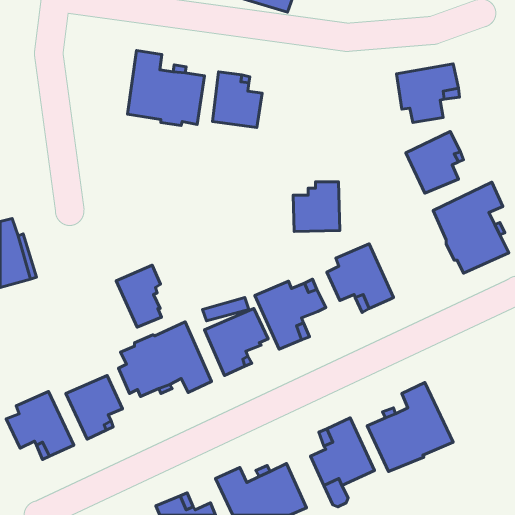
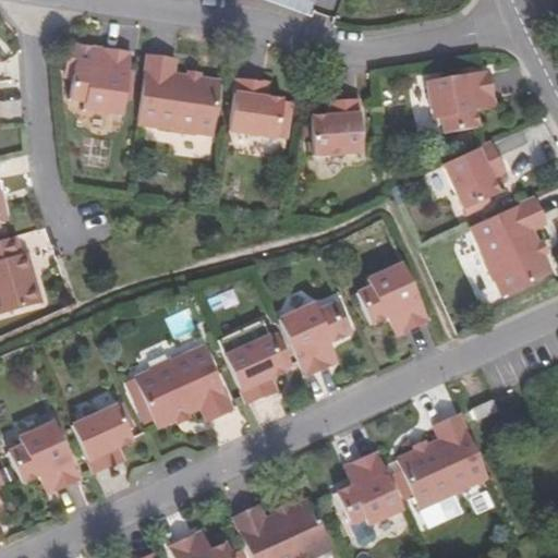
building: none -> [68,43,133,113]
building: [293,182,340,232] -> [312,100,362,154]
building: [116,265,162,327] -> none

